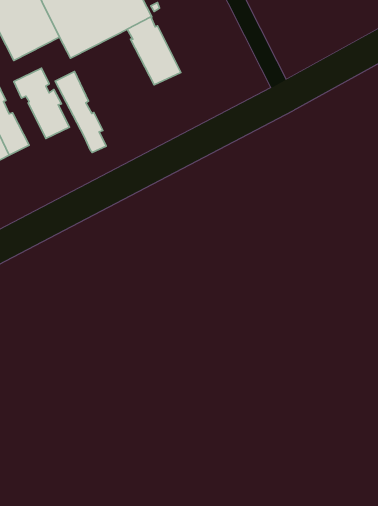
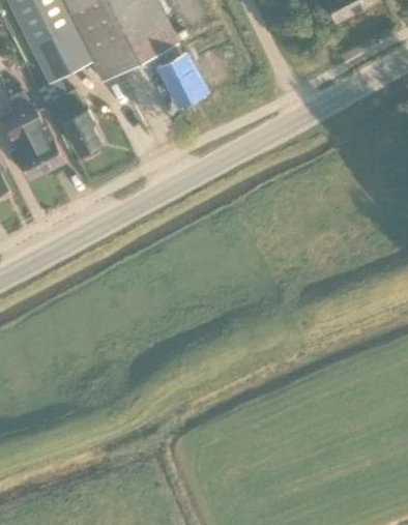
building: [55,72,106,153] -> none

